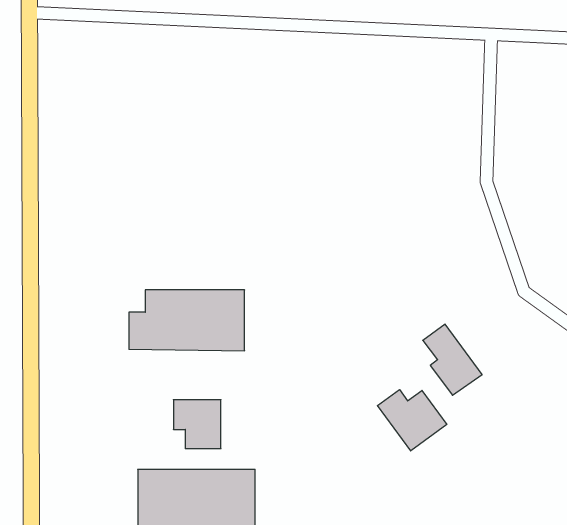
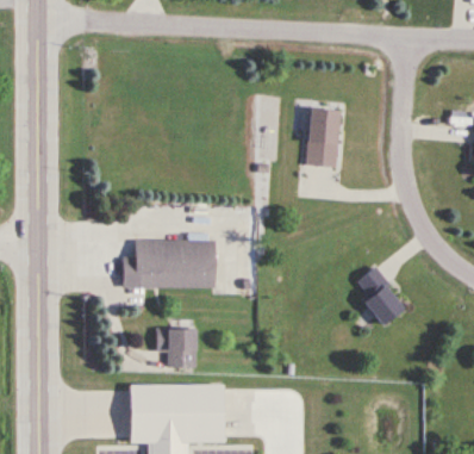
building: none -> [307,107,338,167]
building: [377,390,447,451] -> none

